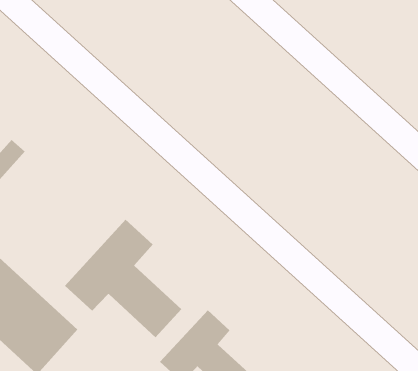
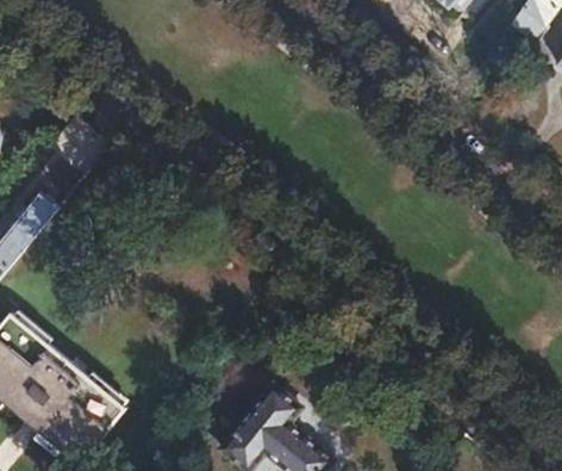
building: [64,219,182,338] -> none

